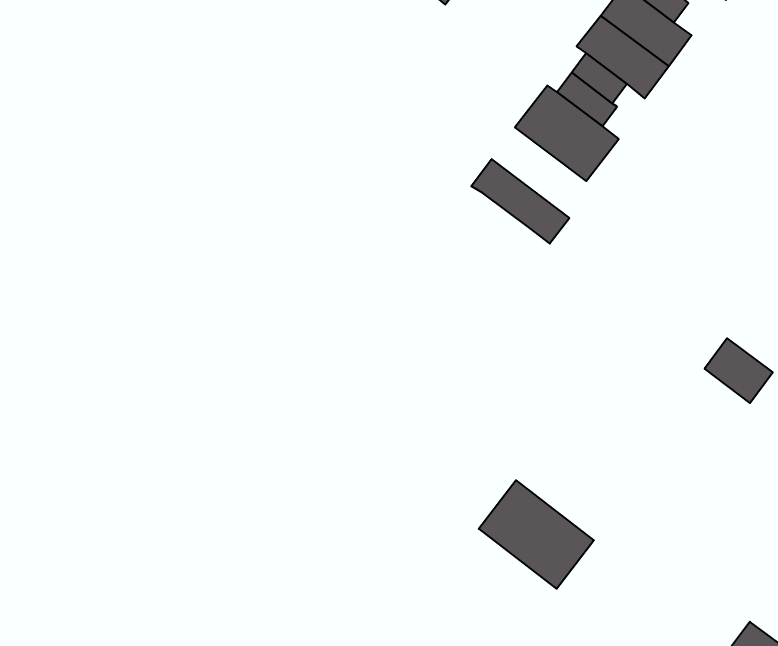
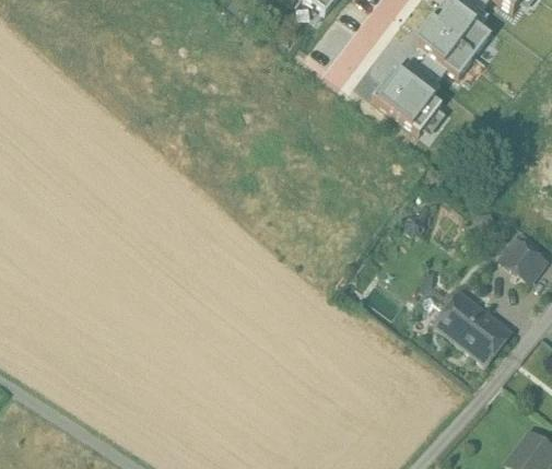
building: [471,159,569,244] -> none
building: [479,480,594,589] -> [434,291,512,364]

